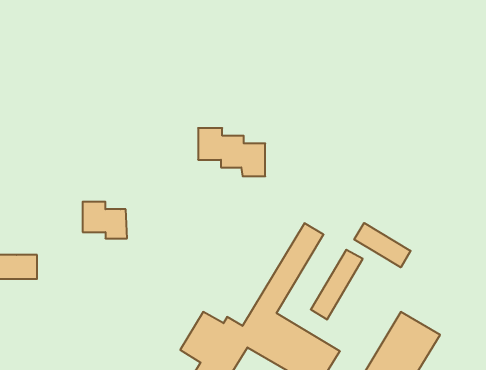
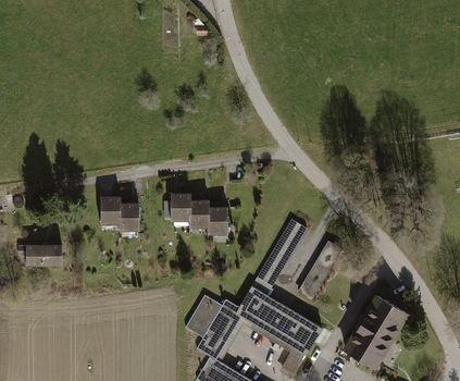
building: [198,128,265,176] -> [170,195,227,236]
building: [354,223,411,267] -> none

